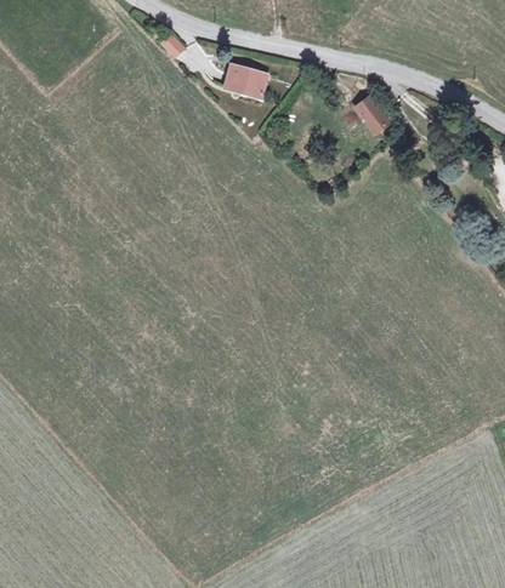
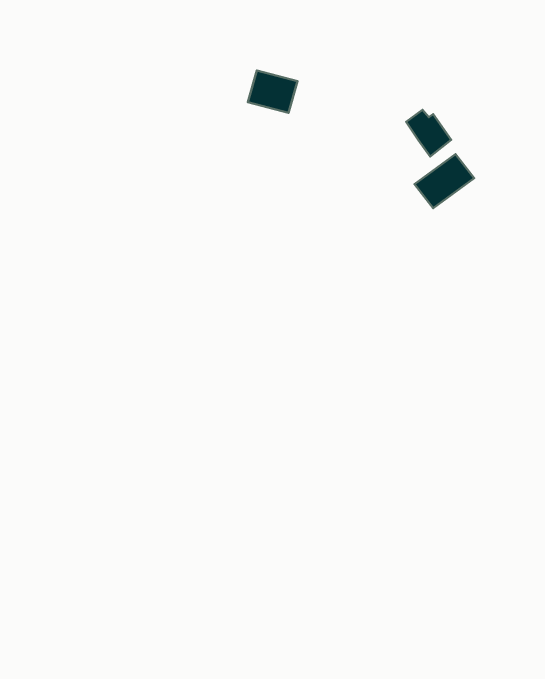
building: none -> [414,154,474,208]

